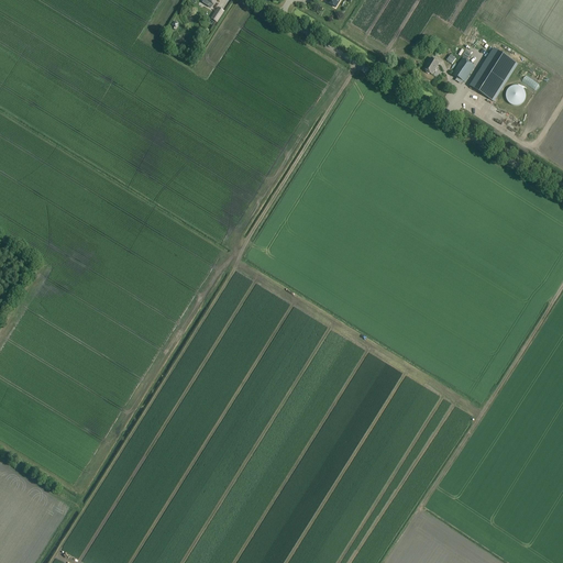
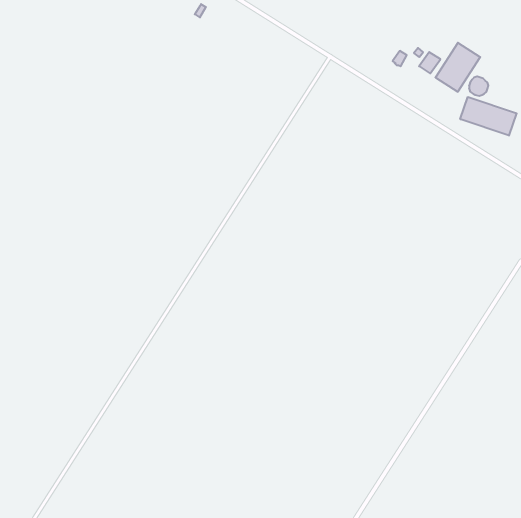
building: none -> [460,97,517,136]

